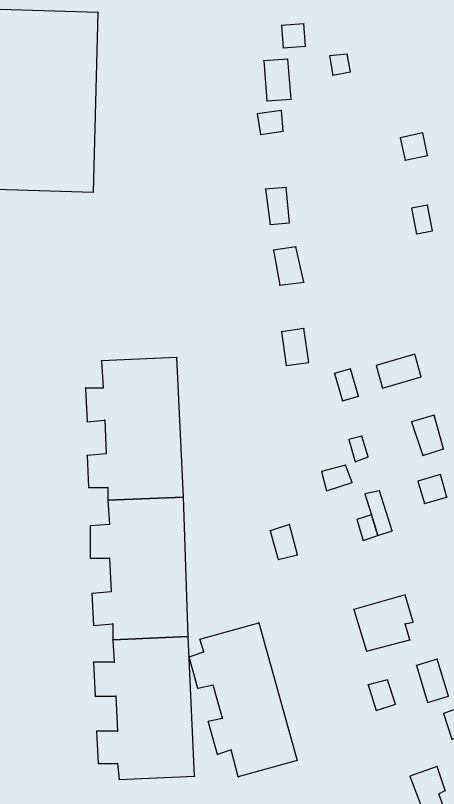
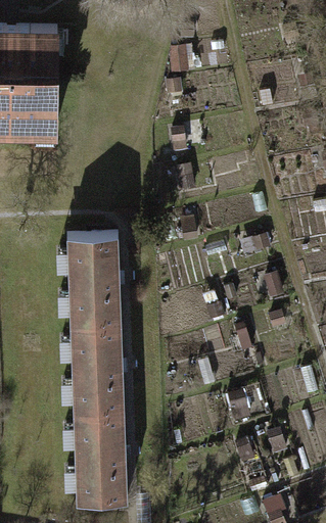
building: [189,623,297,777] -> none

